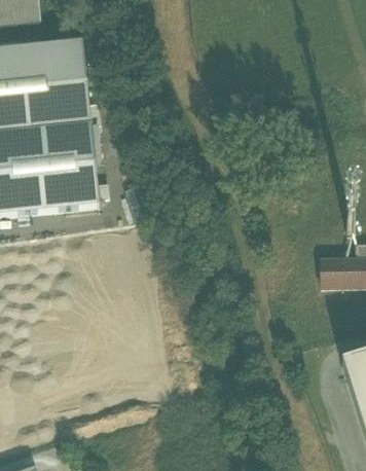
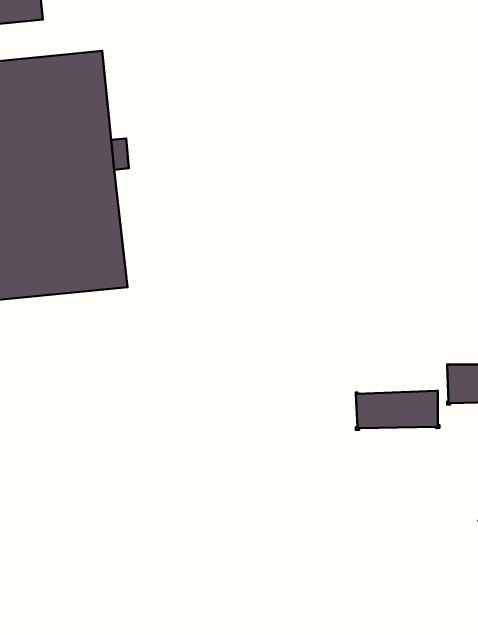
building: none -> [356,391,440,430]

